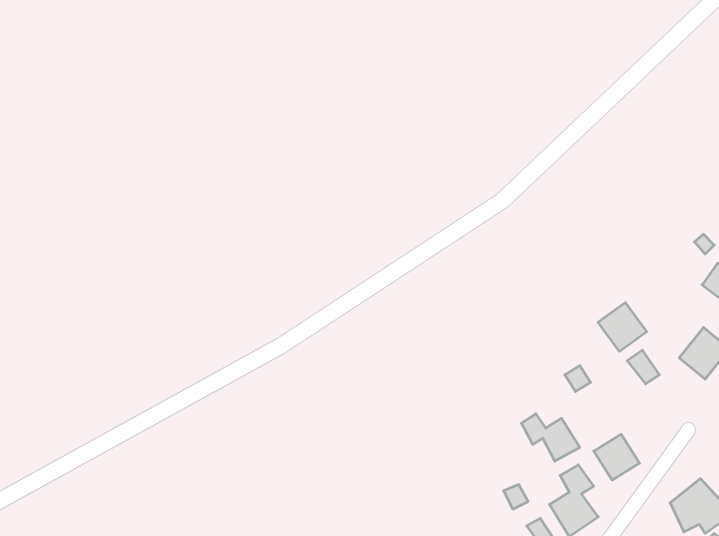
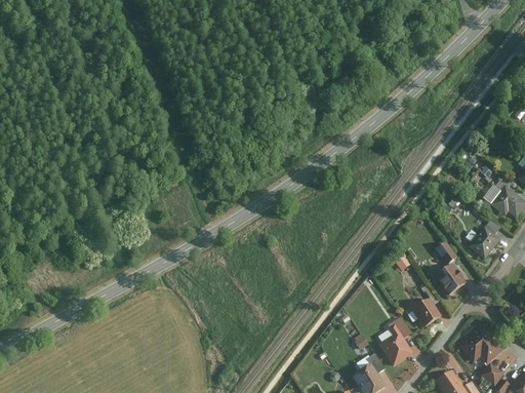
building: [598,303,647,351] -> [434,262,467,294]
building: [521,414,580,461] -> none

